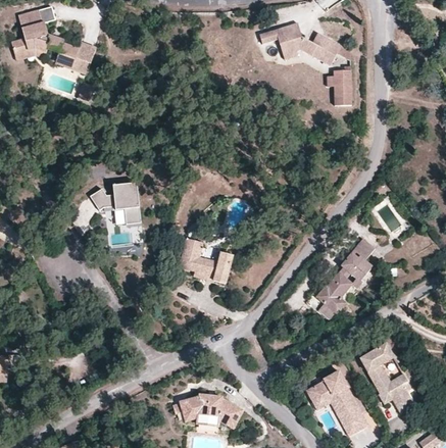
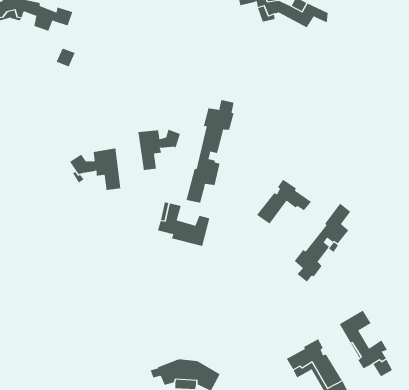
building: [333,68,350,102] -> none
building: none -> [186,99,234,203]
building: none -> [138,129,180,171]
building: none -> [256,179,312,225]

